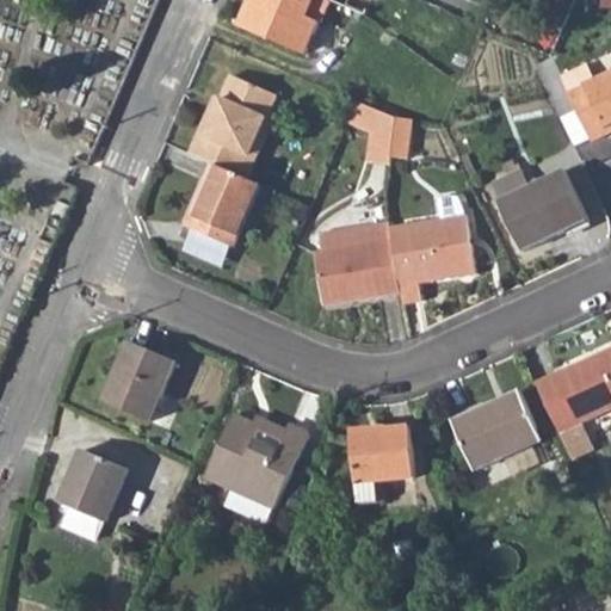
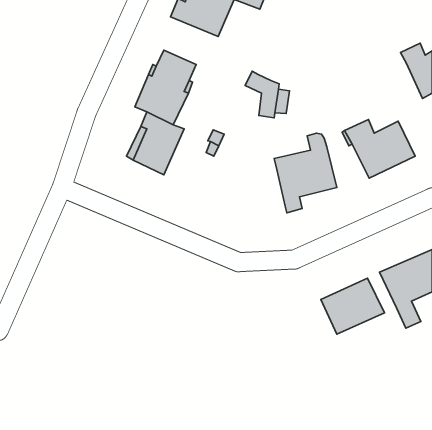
building: [313,221,401,307] -> none
building: [101,338,174,419] -> none
building: [205,413,310,525] -> none
building: [348,427,413,505] -> none
building: [57,444,124,549] -> none

